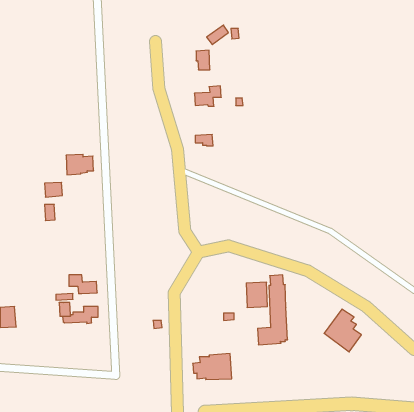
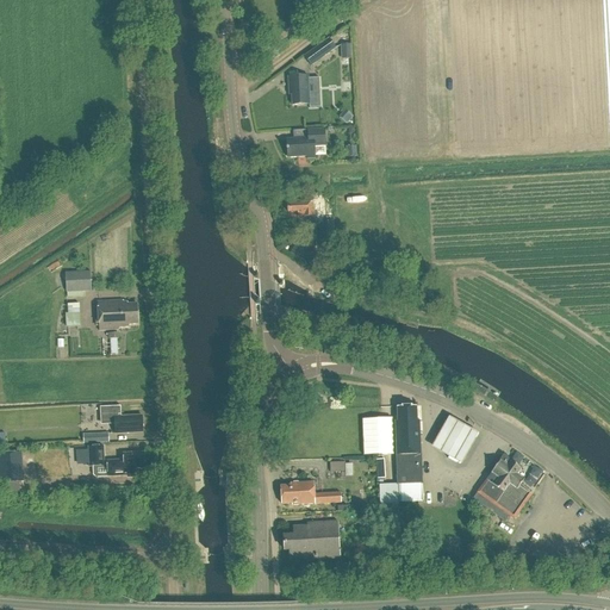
building: [66,154,94,175] -> [98,298,138,328]
building: none -> [430,410,478,458]
building: none -> [280,477,341,503]

